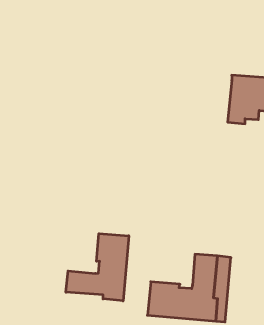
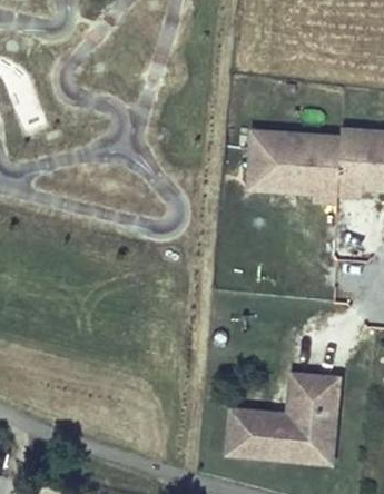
building: none -> [248,132,341,204]
building: [66,234,129,301] -> none

